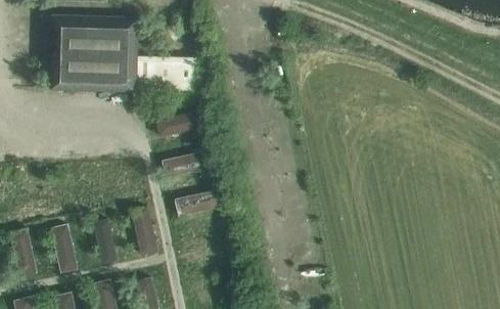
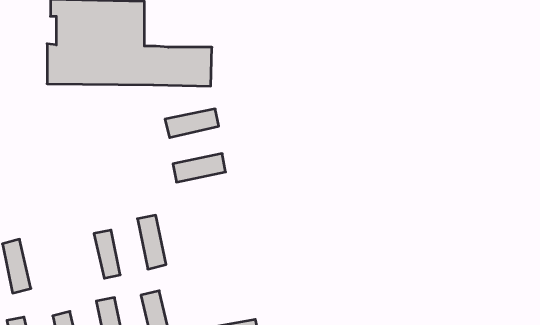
building: [175,189,222,215] -> none
building: [51,223,77,271] -> none

